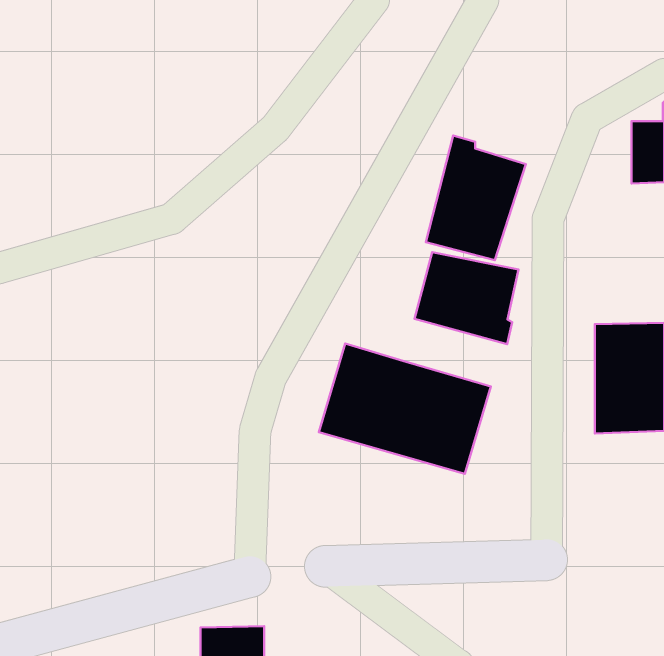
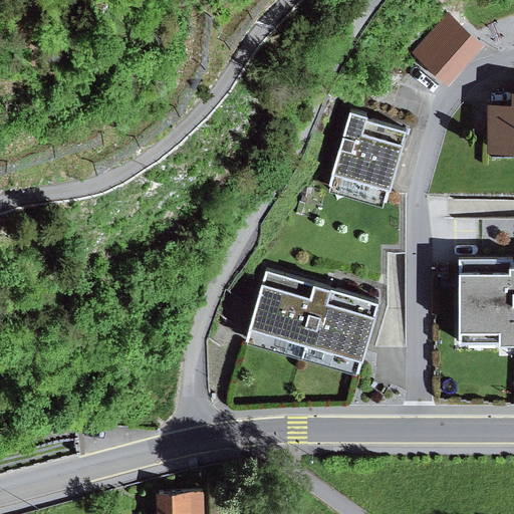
building: none -> [418,16,485,83]
building: [414,252,519,344] -> none

